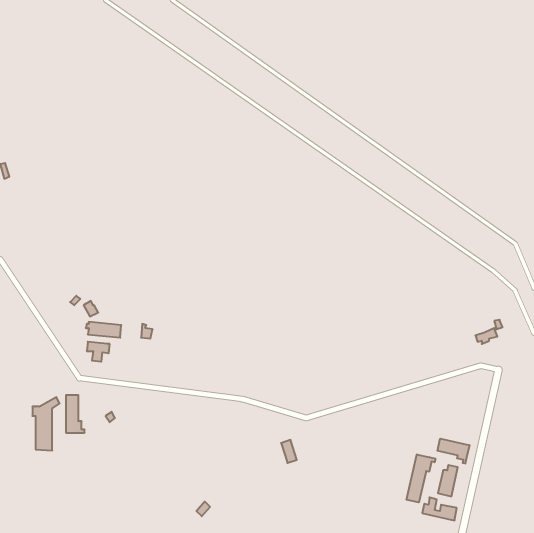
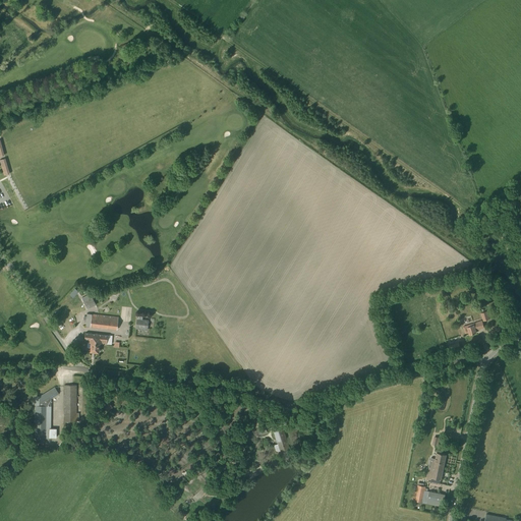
building: [437,439,469,464] -> none
building: [407,454,435,502] -> none

